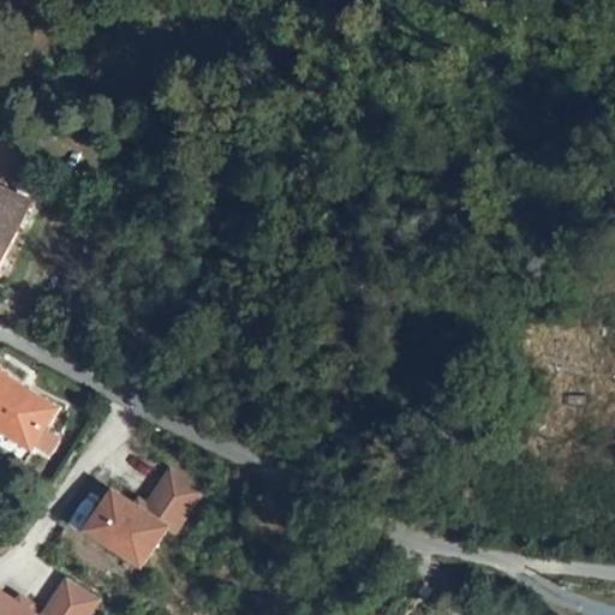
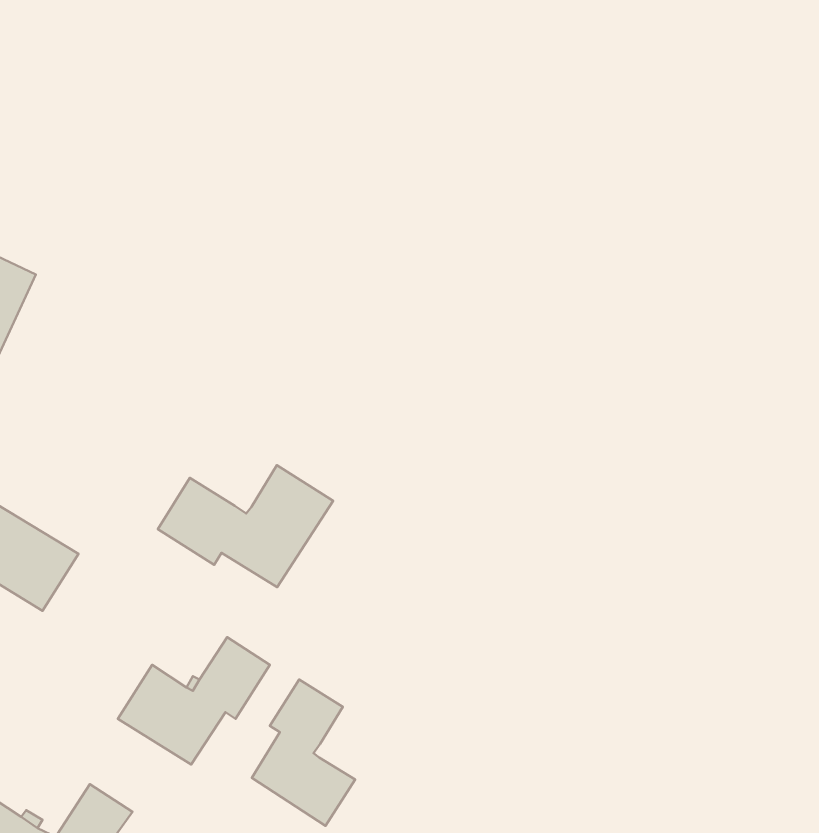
building: none -> [158,465,333,587]
building: none -> [252,680,355,826]

